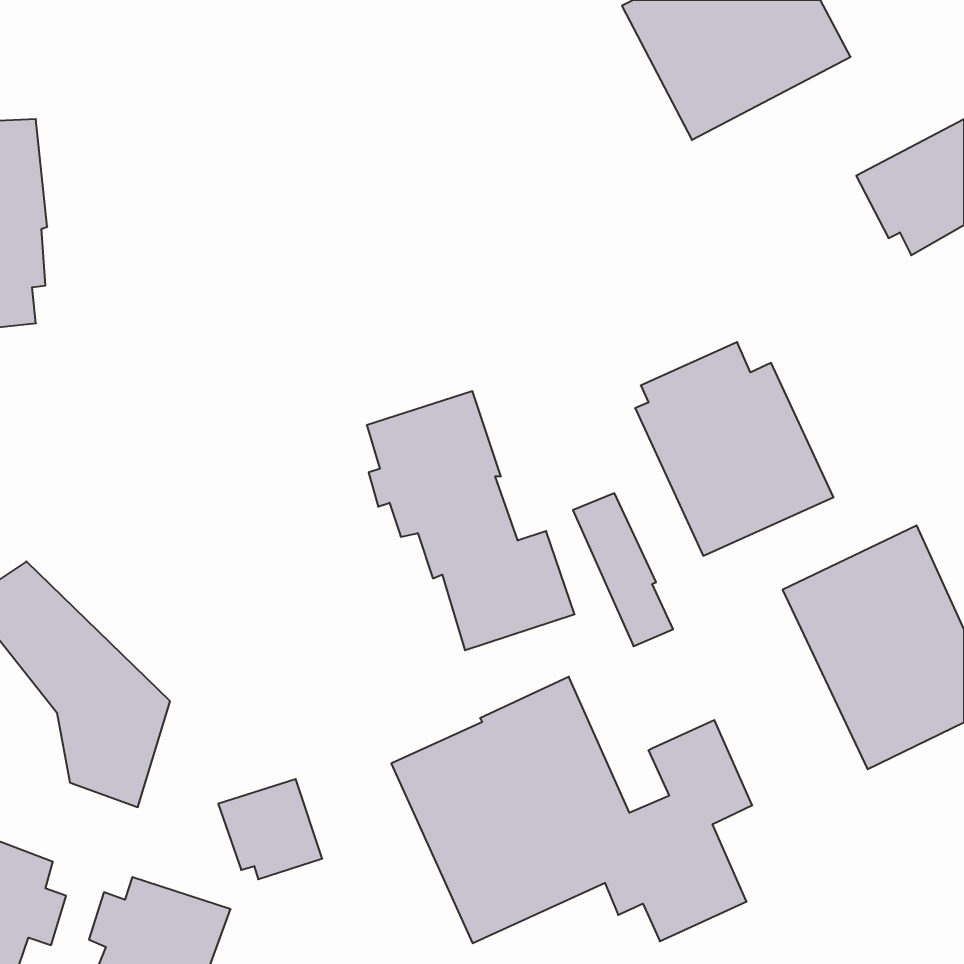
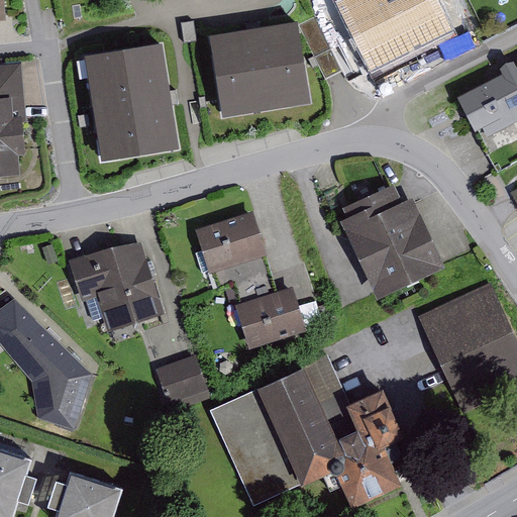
building: none -> [205,15,316,118]
building: none -> [81,35,183,166]
building: none -> [68,242,164,331]
building: [573,493,673,646] -> [304,353,357,435]
building: [218,779,322,879] -> [154,355,210,409]

